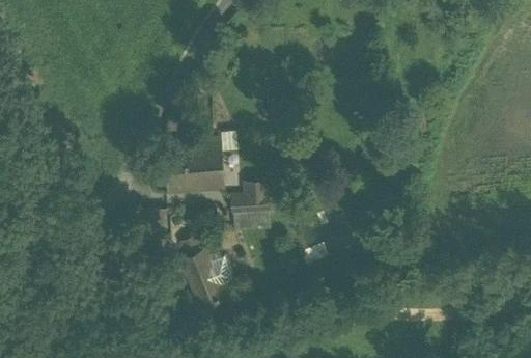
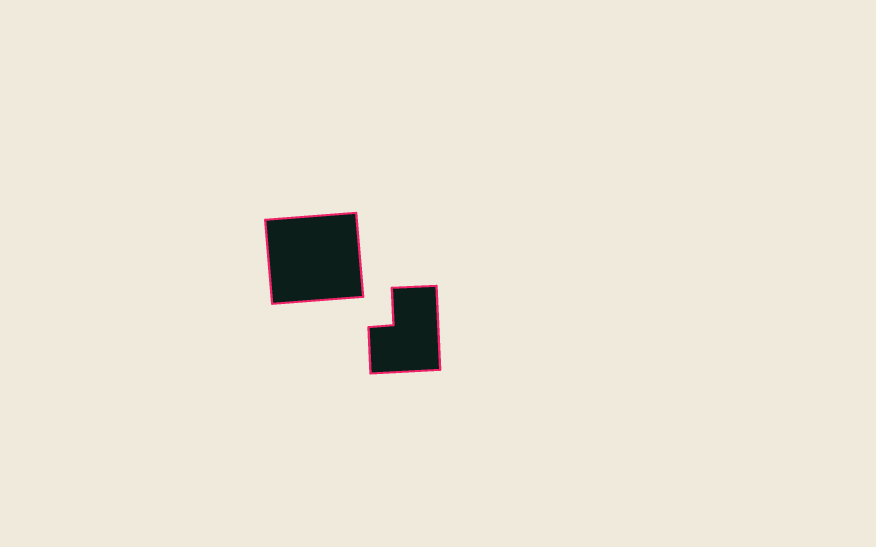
building: [185,249,227,305] -> none

